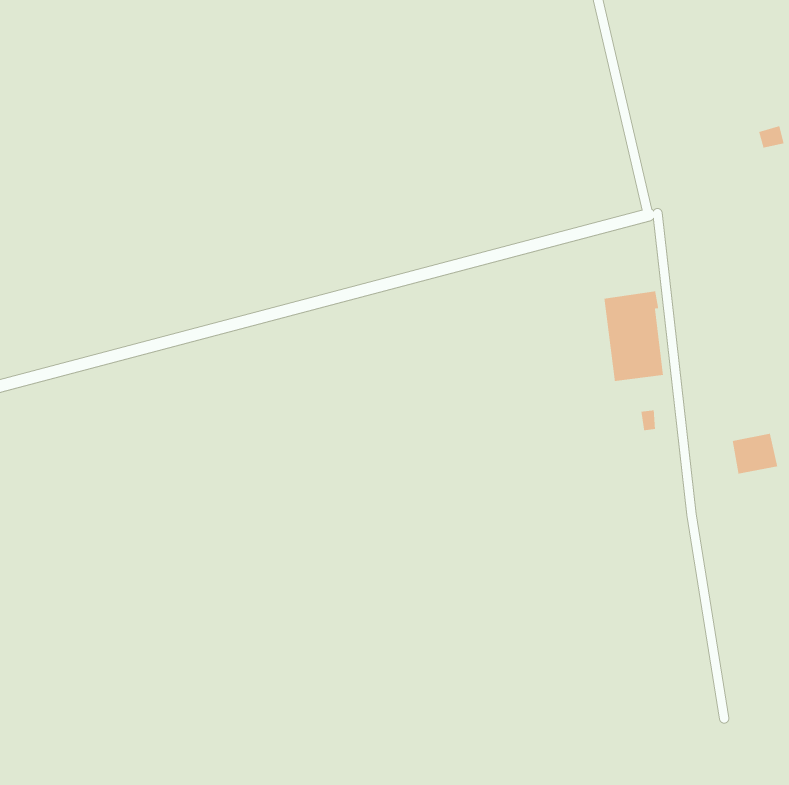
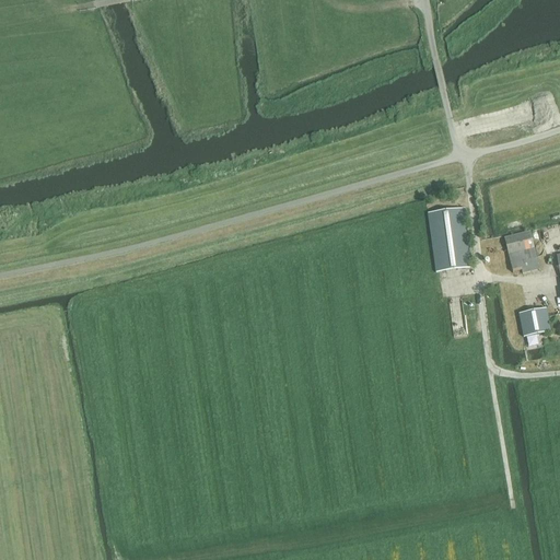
building: none -> [503,229,538,271]

